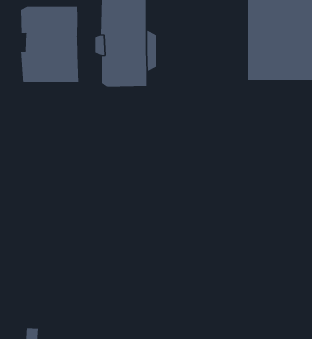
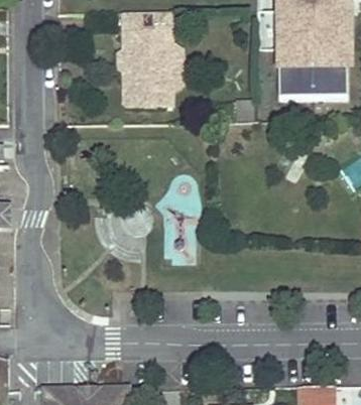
building: [20,6,79,83] -> none

